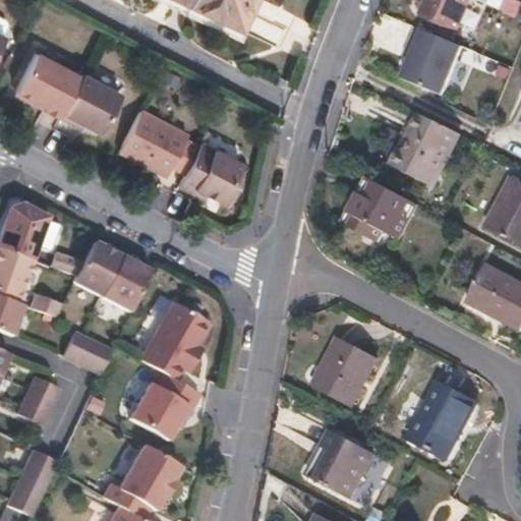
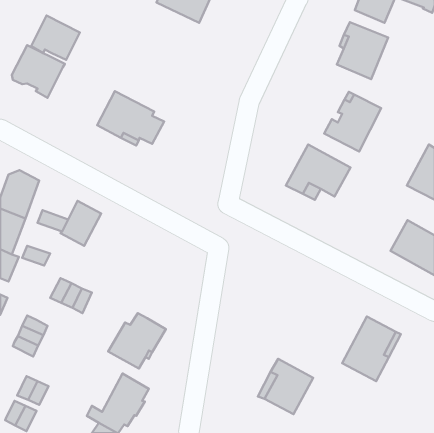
building: [58,80,116,133] -> [31,16,80,60]
building: [177,141,241,206] -> none
building: [102,255,150,309] -> none
building: [141,302,211,381] -> none
building: [311,335,375,403] -> none

